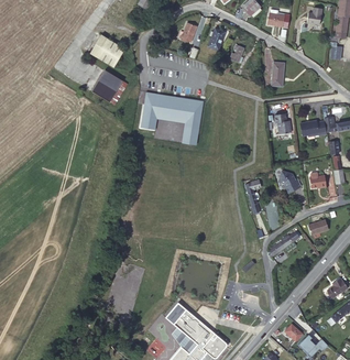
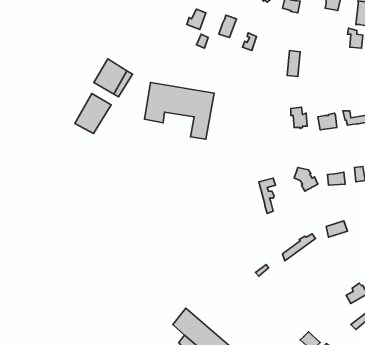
building: [90,34,124,67] -> none
building: none -> [75,94,111,134]

